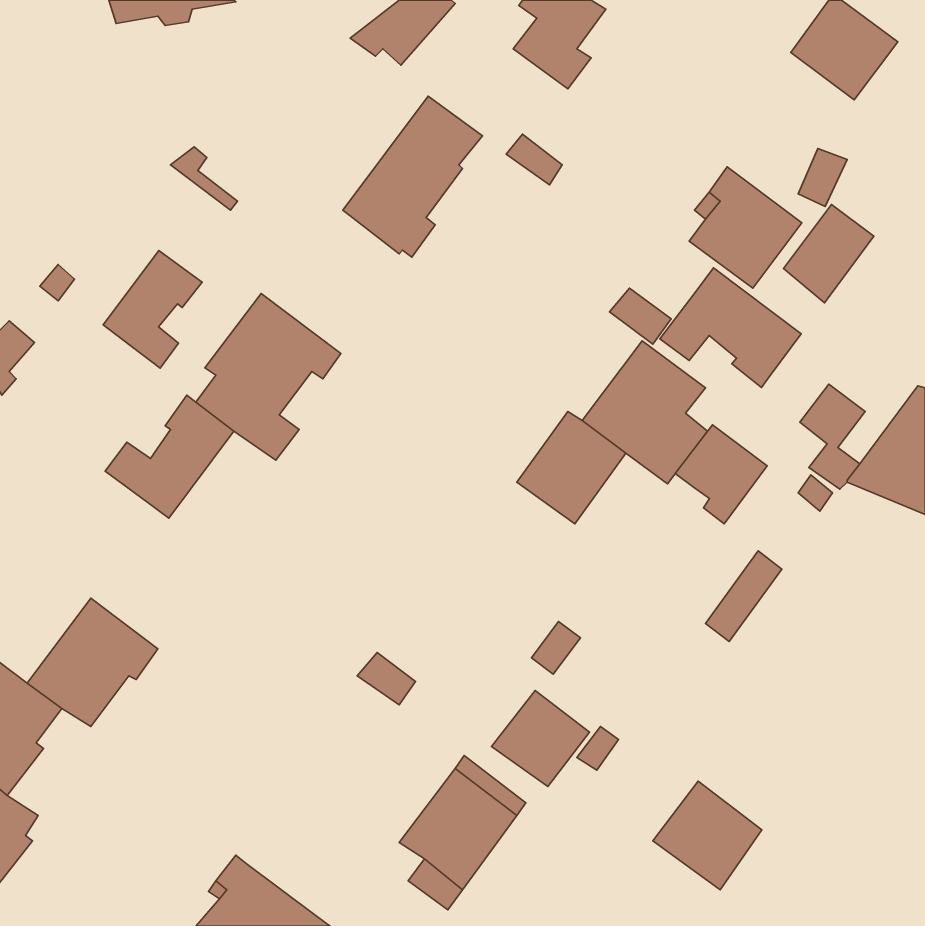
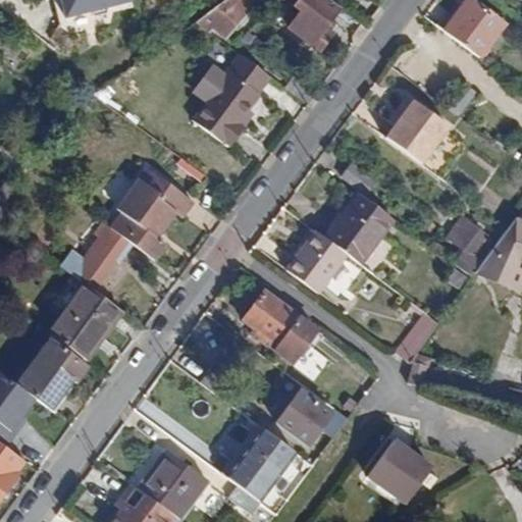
building: [784,204,874,303] -> none
building: [103,251,202,368] -> none
building: [660,268,801,388] -> none
building: [675,425,767,524] -> none
building: none -> [48,282,118,360]
building: none -> [244,290,319,363]
building: none -> [138,449,207,516]

